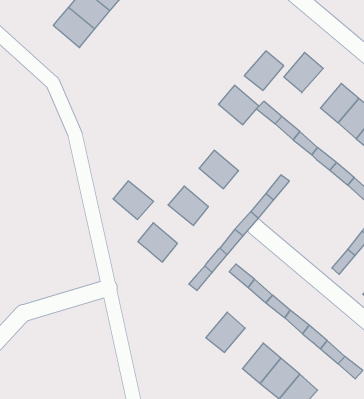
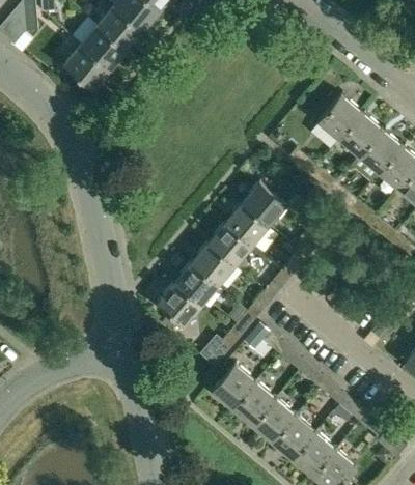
building: [244,51,284,90] -> [337,113,381,156]
building: [218,85,259,125] -> [241,182,285,226]
building: none -> [208,223,251,265]
building: [113,181,154,219] -> [173,263,218,306]
building: none -> [212,364,255,409]
building: none -> [252,399,295,444]

